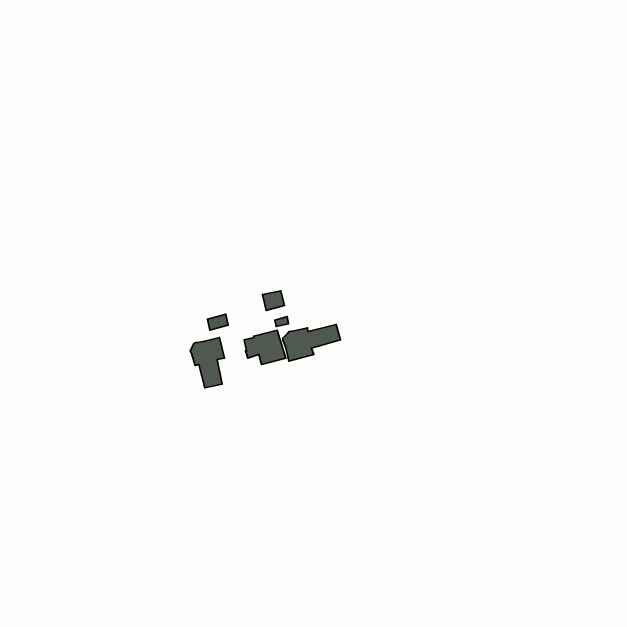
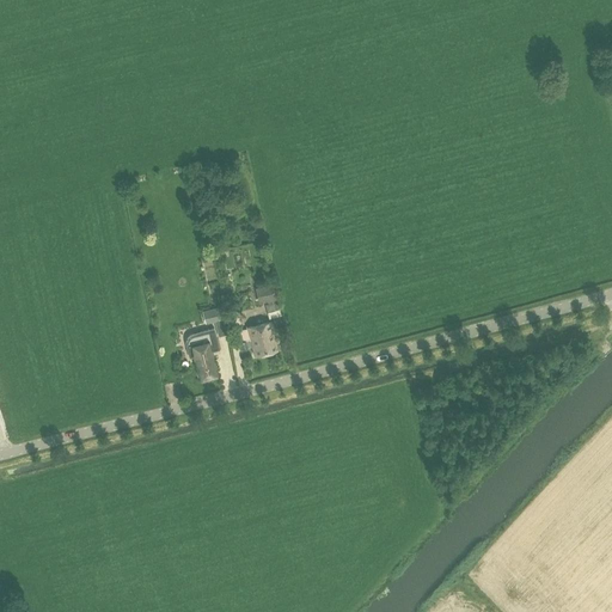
building: [283,325,340,361] -> none

